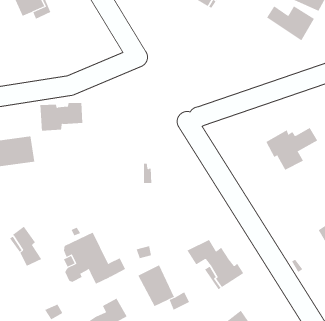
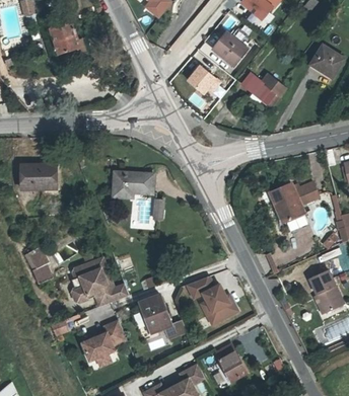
building: [266,6,315,41] -> [241,73,286,108]
building: none -> [185,64,215,94]
building: [39,102,83,131] -> [113,172,153,197]

